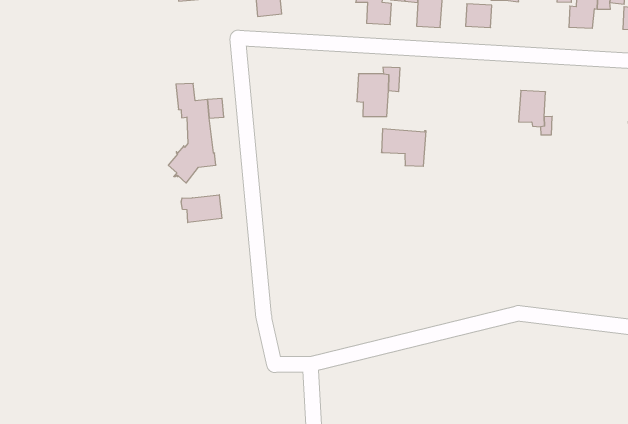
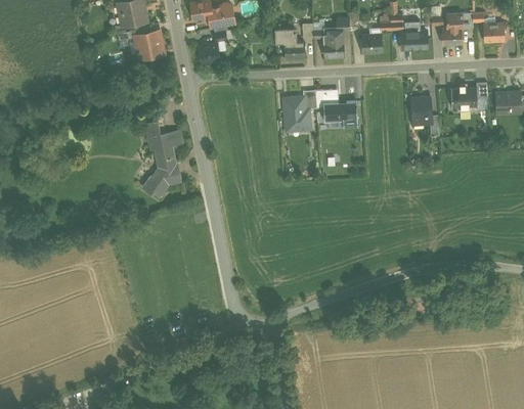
building: none -> [401,31,427,48]
building: none -> [450,85,477,109]
building: [381,129,426,166] -> [322,100,357,129]
building: [181,195,222,223] -> none

